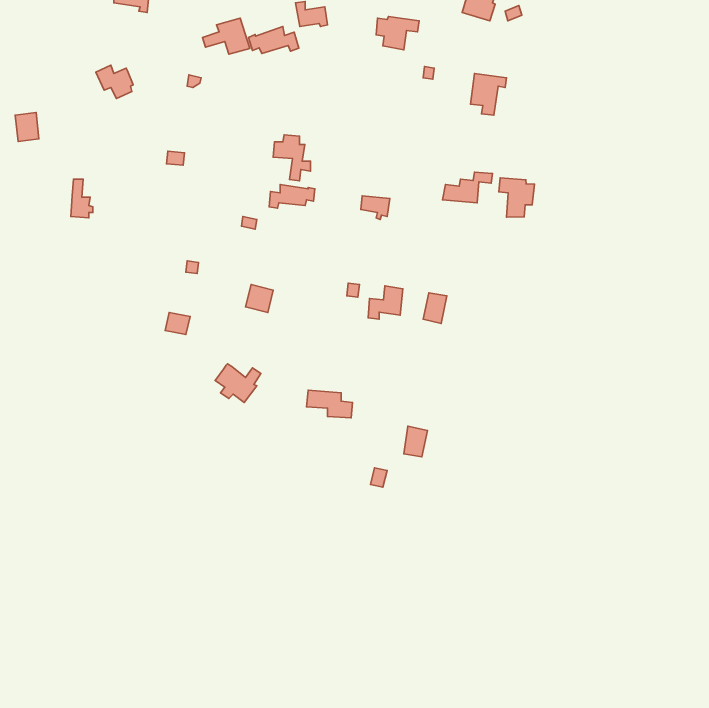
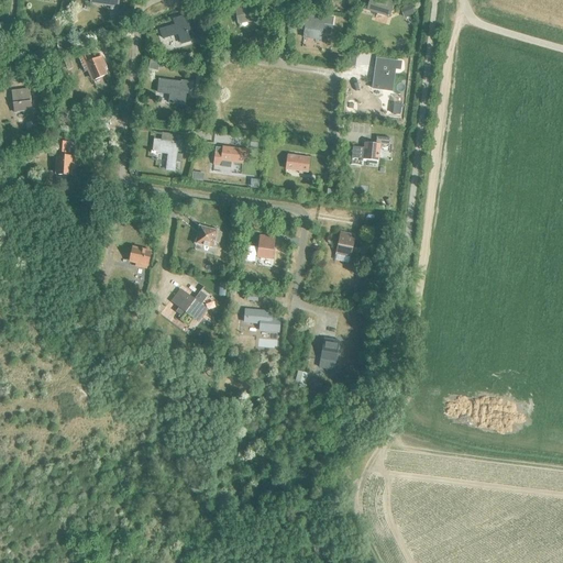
building: [248,26,299,53] -> none
building: none -> [157,79,189,104]
building: [273,135,310,181] -> [153,134,183,170]
building: [499,178,534,217] -> none
building: [368,286,403,319] -> [246,235,274,262]

